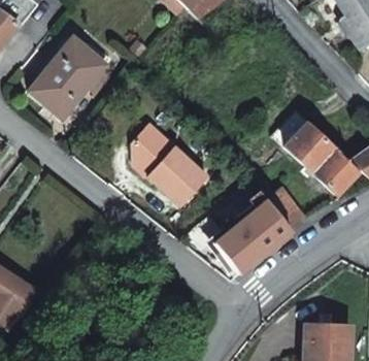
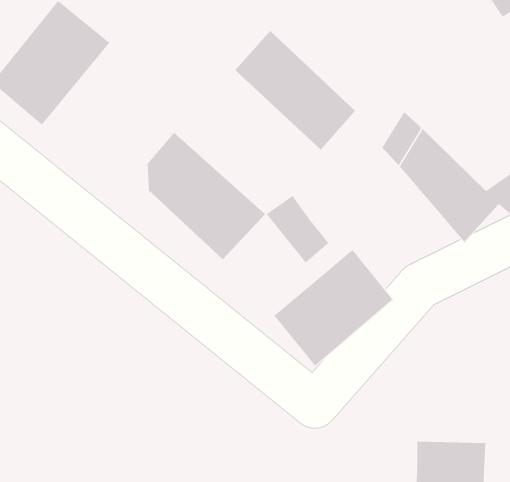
building: none -> [235,30,355,151]
building: [264,187,305,231] -> [266,195,329,263]

